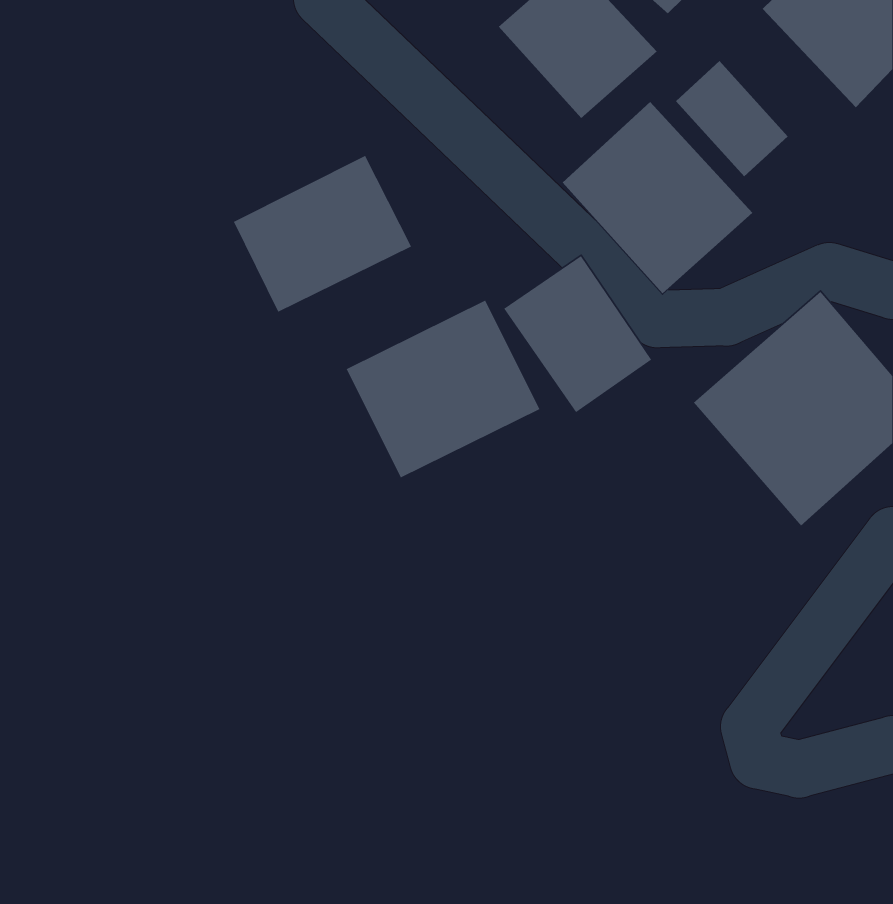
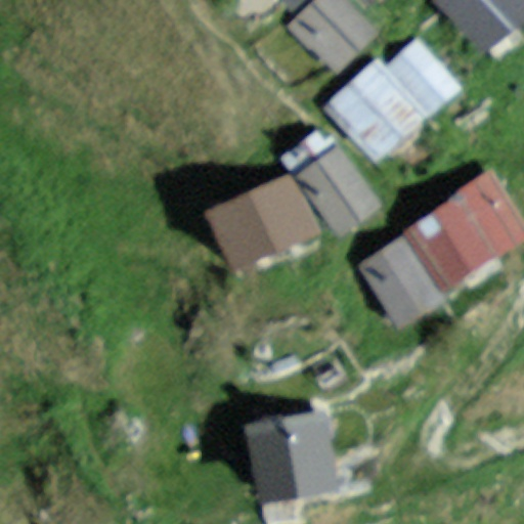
building: [233,155,412,313] -> none
building: none -> [354,232,456,347]
building: none -> [245,397,344,504]

